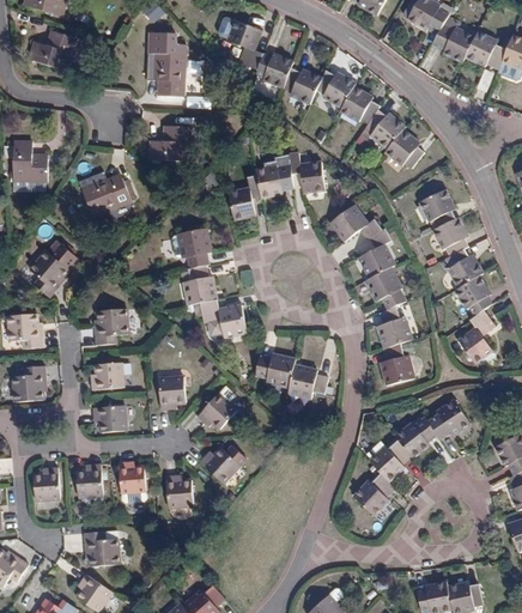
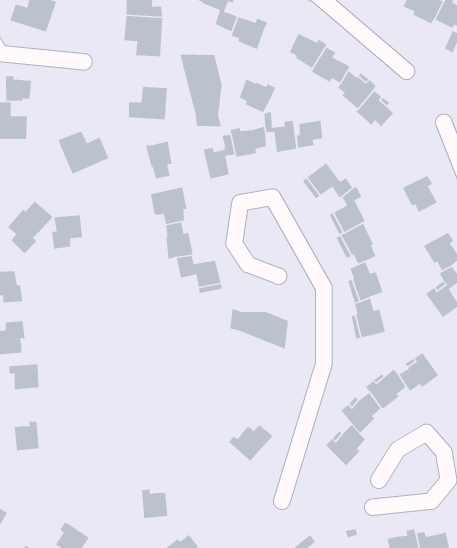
building: [284,67,322,103] -> [239,78,276,113]
building: none -> [180,54,223,127]
building: none -> [5,75,32,101]
building: none -> [296,120,323,148]
building: none -> [145,141,173,179]
building: [419,188,456,226] -> none
building: [444,247,484,286] -> none
building: [95,309,127,345] -> [51,214,83,249]
building: [91,362,122,387] -> none
building: [158,377,184,408] -> none
building: [196,392,237,429] -> none
building: [93,405,126,432] -> [8,363,39,390]
building: [201,444,248,482] -> [228,424,274,462]
building: [121,462,148,492] -> none
building: [77,465,104,496] -> none
building: [166,473,194,504] -> [141,489,168,519]
building: [81,532,116,565] -> none

